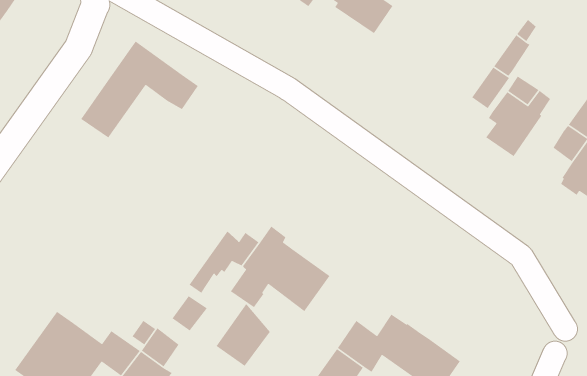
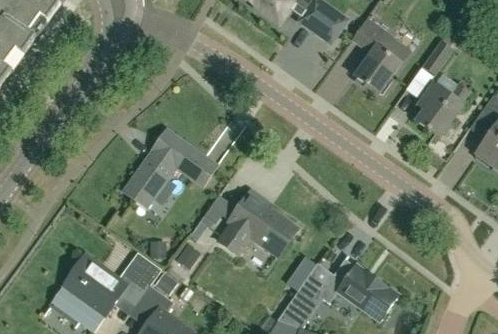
building: none -> [353,19,410,95]
building: [80,40,199,139] -> [124,130,216,206]
building: [216,303,271,367] -> none

